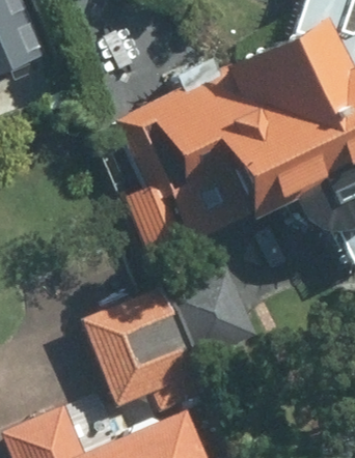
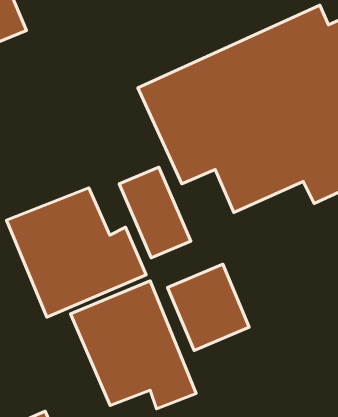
building: none -> [6,188,146,317]

